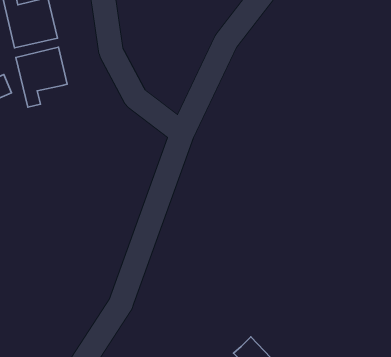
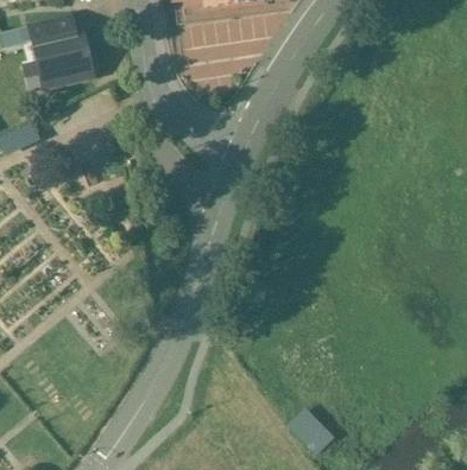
building: [16,47,67,107] -> none

